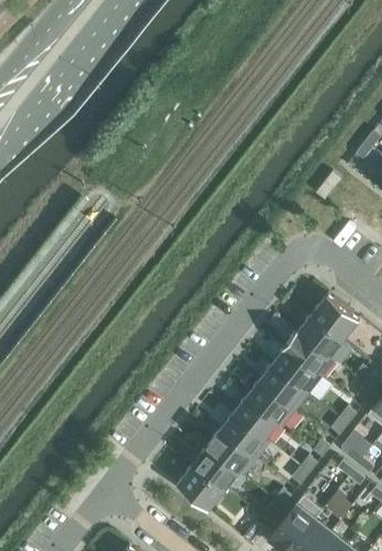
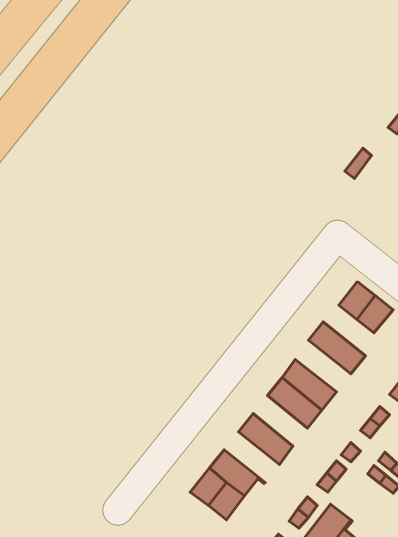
building: [297,314,343,360] -> none
building: [271,346,322,393] -> none
building: [233,397,282,443] -> none
building: [207,429,257,475] -> none

